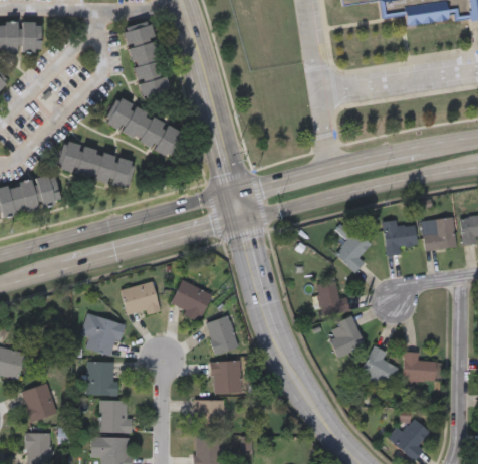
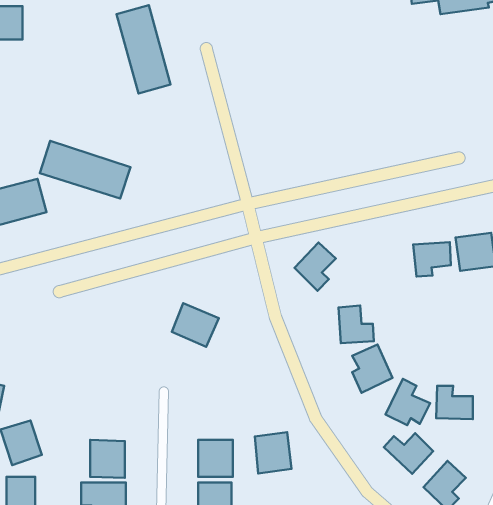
building: [104,95,183,159] -> none
building: [333,232,370,274] -> [294,242,336,291]
building: [122,282,159,315] -> none
building: [80,313,124,357] -> none
building: [205,315,239,355] -> none
building: [211,359,243,395] -> [255,432,292,473]
building: [86,362,117,395] -> none
building: none -> [384,433,433,474]

